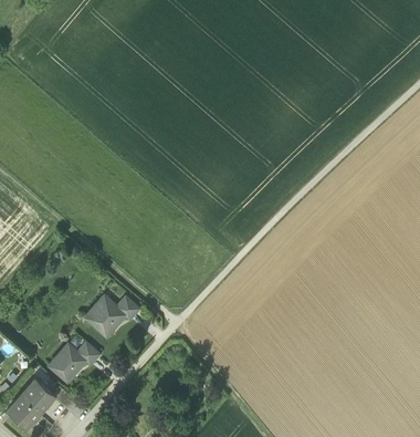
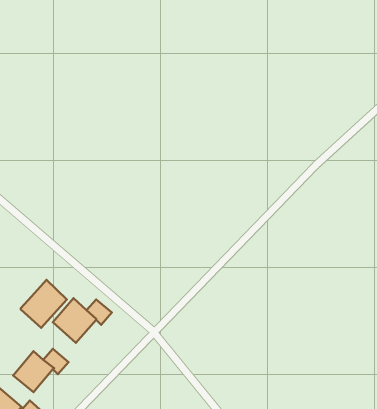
building: none -> [21,280,67,328]

